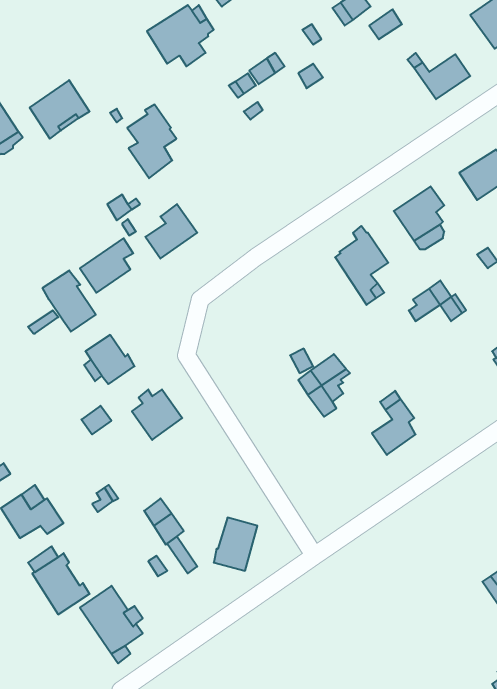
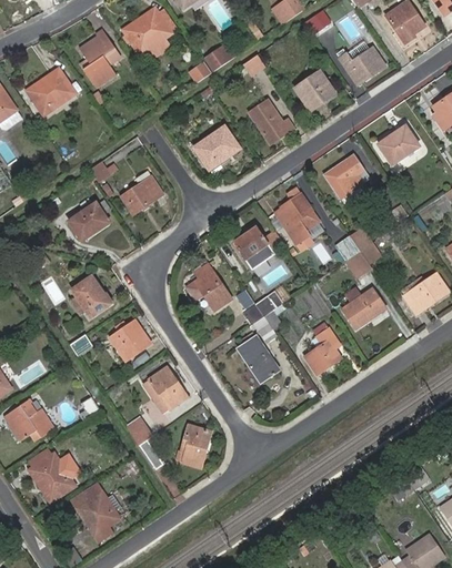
building: none -> [294,71,335,111]
building: [127,105,176,178] -> [79,29,119,89]
building: none -> [250,99,294,143]
building: none -> [193,125,241,170]
building: [43,270,96,332] -> none
building: none -> [234,227,274,270]
building: none -> [187,265,231,310]
building: none -> [343,288,385,329]
building: none -> [239,336,278,382]
building: none -> [142,367,187,414]

